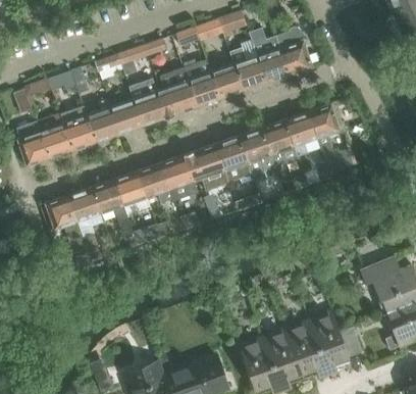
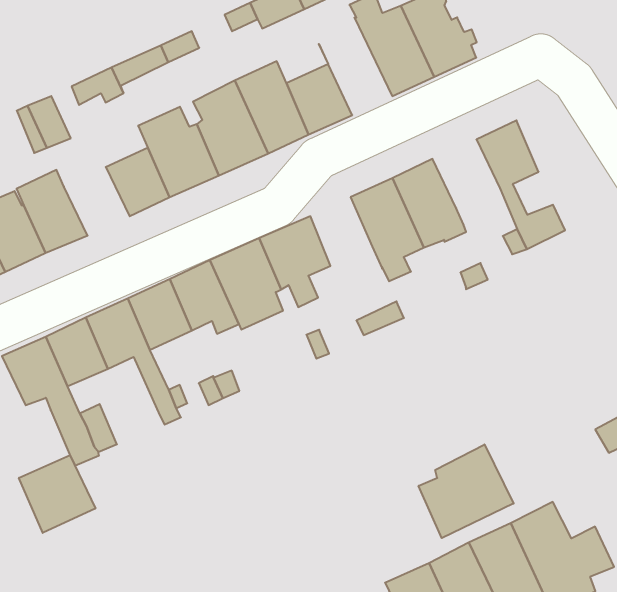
building: [229,39,266,91] -> none
building: [86,99,119,142] -> none
building: [284,110,319,155] -> none
building: [216,135,252,182] -> none
building: none -> [19,455,95,533]
building: none -> [419,444,514,538]

